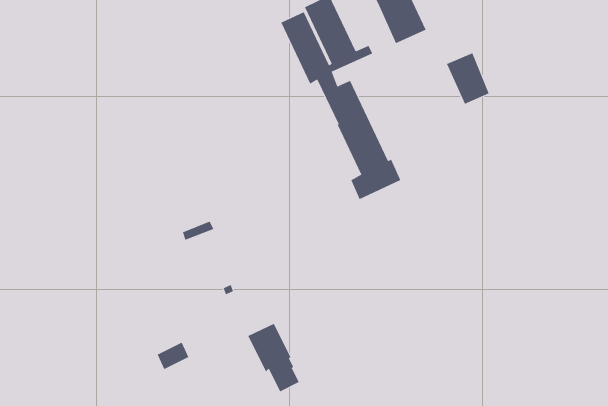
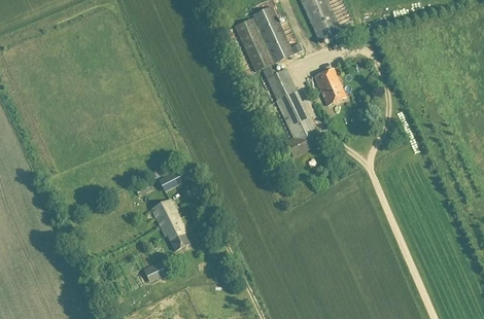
building: [446,53,490,105] -> [313,67,345,105]
building: [248,323,300,392] -> [150,200,188,250]

